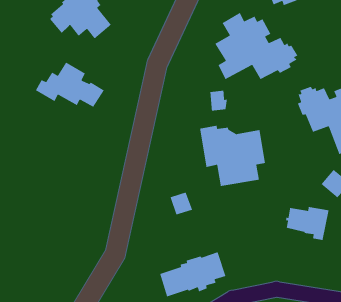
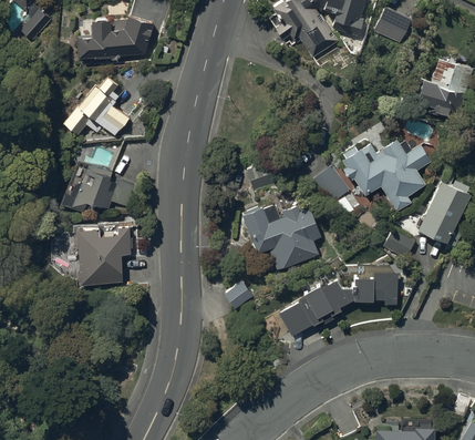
building: [214,12,299,80] -> none
building: none -> [312,165,350,205]
building: none -> [73,225,132,289]
building: [159,251,226,297] -> [279,272,351,330]

